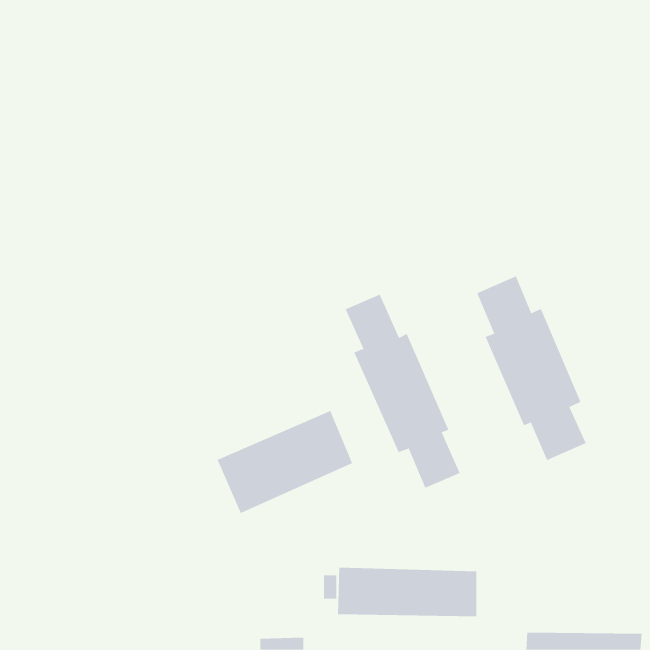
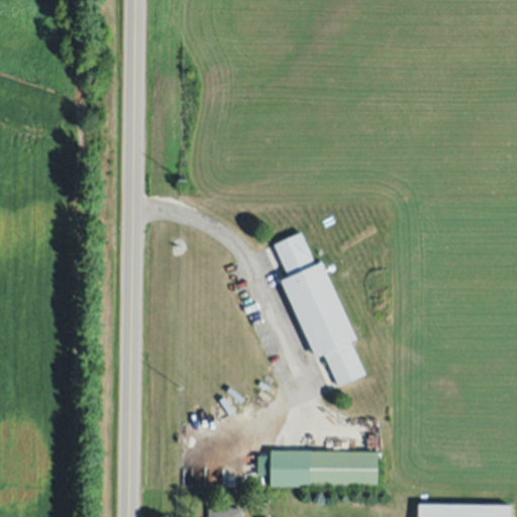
building: [476,275,586,461] -> none
building: [217,410,353,514] -> none

